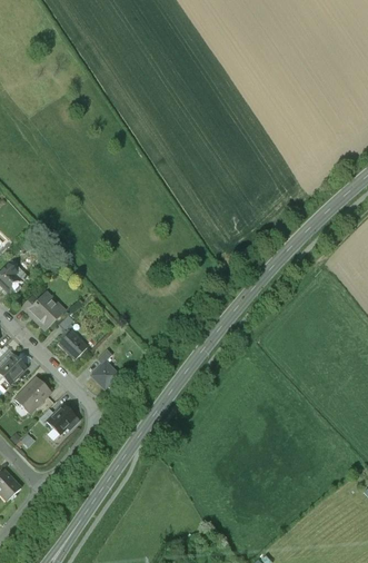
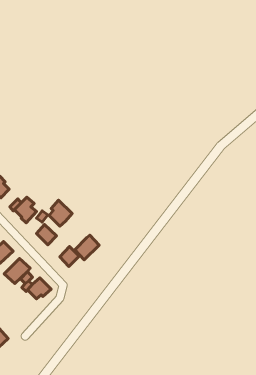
building: none -> [49,200,72,226]
building: none -> [75,235,99,260]

